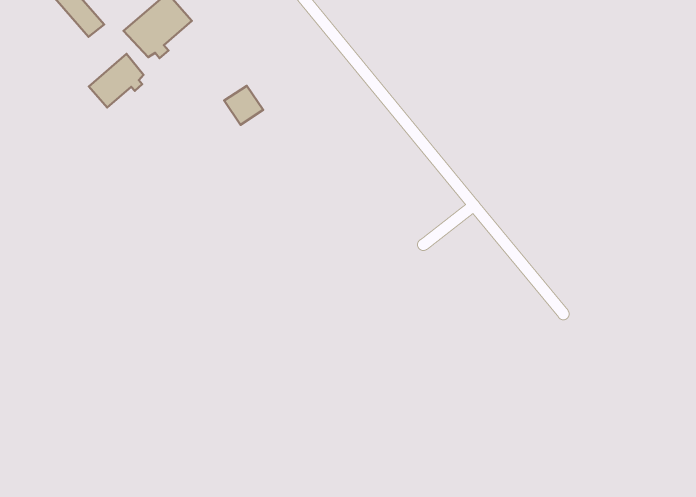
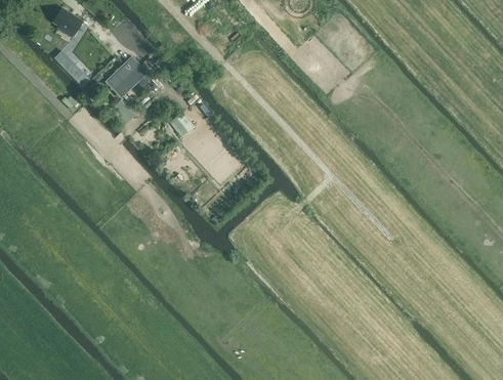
building: [89,54,143,108] -> none

